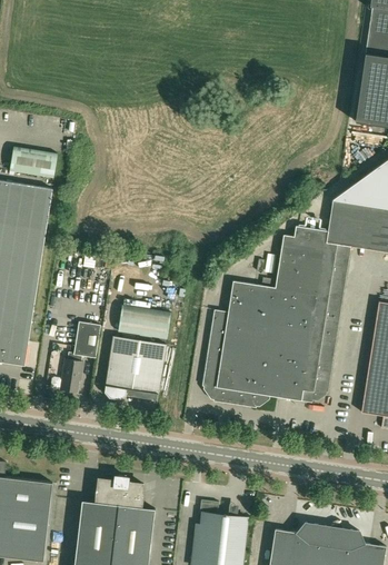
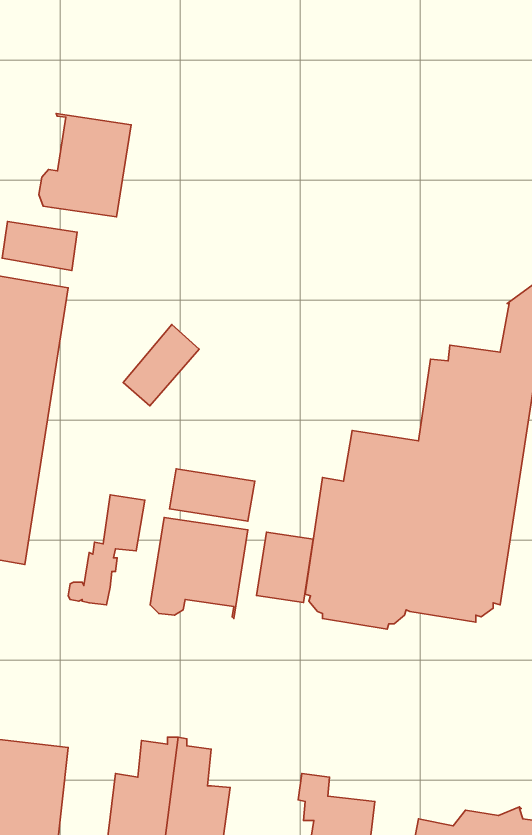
building: none -> [39,114,131,217]
building: none -> [123,324,199,406]
building: none -> [257,532,313,602]

